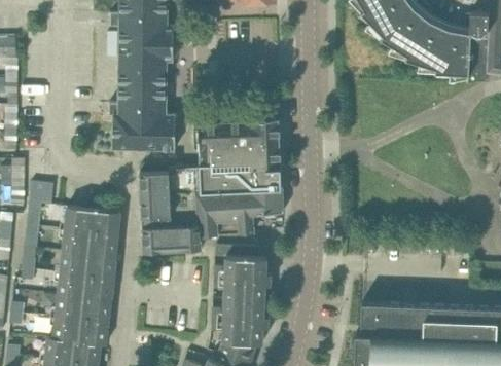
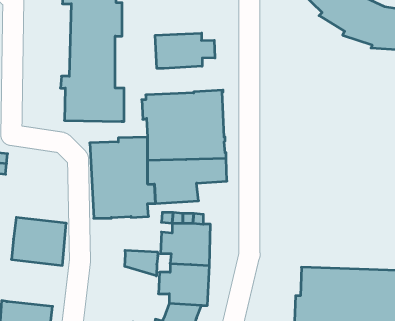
building: none -> [155,33,215,68]
building: [63,207,120,257] -> none
building: none -> [125,250,158,276]
building: [52,295,111,345] -> none

